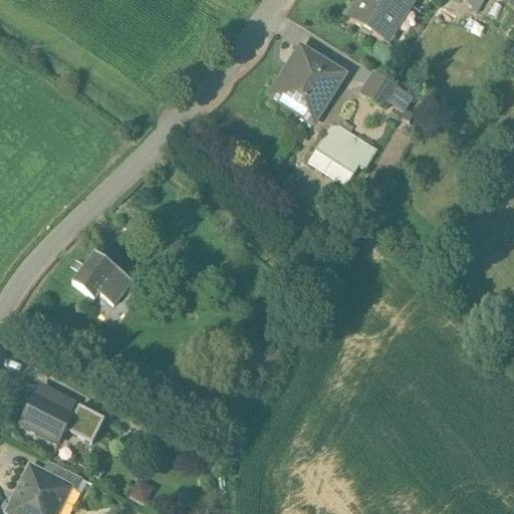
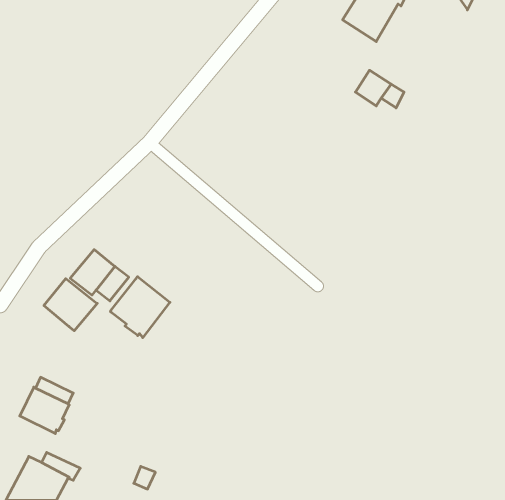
building: [270,45,344,115] -> none
building: [308,123,377,183] -> none
building: none -> [111,277,170,338]
building: none -> [44,279,97,331]

